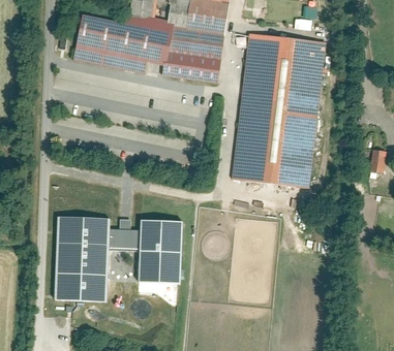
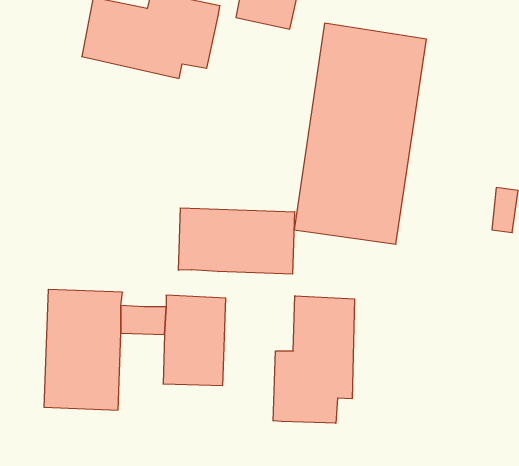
building: [165,22,226,79] -> none
building: none -> [179,208,295,274]
building: none -> [273,296,354,423]

